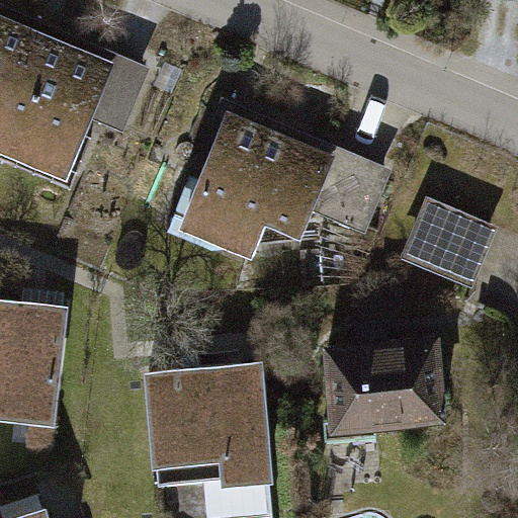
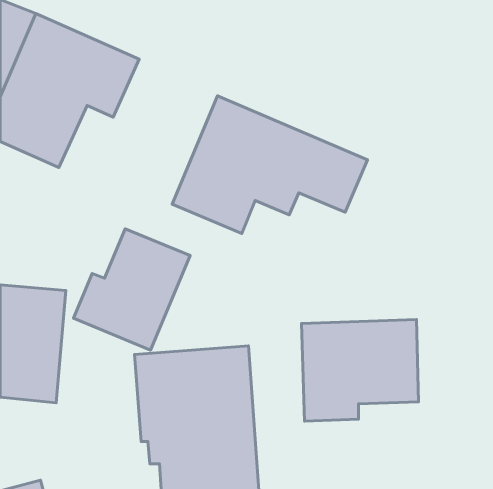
building: [396,200,492,294] -> none
building: none -> [73,229,190,350]

